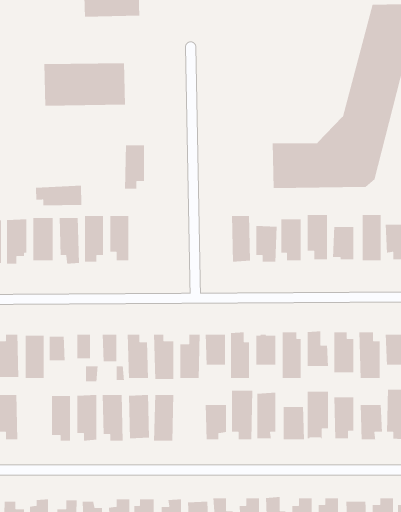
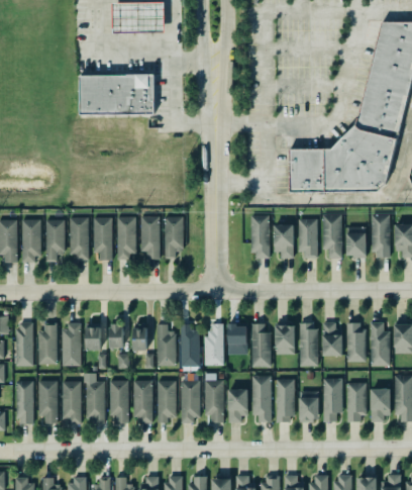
building: [124,145,145,190] -> [165,217,184,259]
building: [35,185,82,206] -> none
building: none -> [204,373,223,422]
building: none -> [62,381,81,423]

